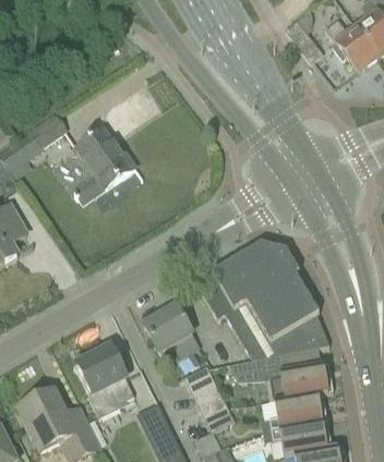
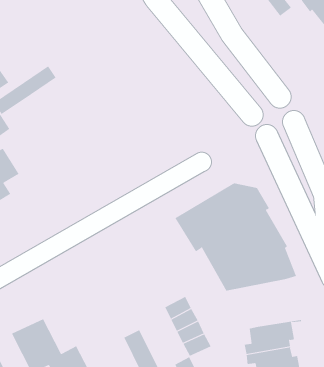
building: [73,127,135,202] -> none
building: [143,304,200,364] -> none
building: [77,345,134,415] -> none
building: [229,346,334,401] -> none

